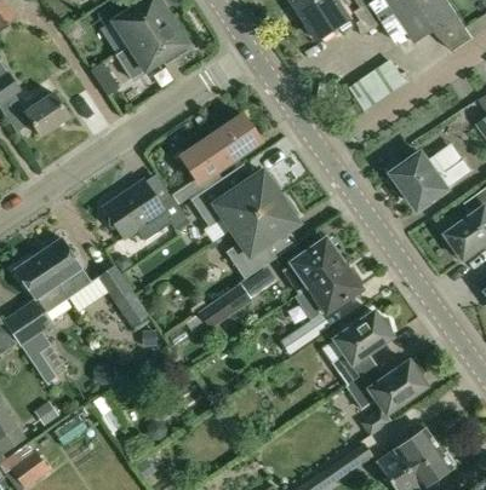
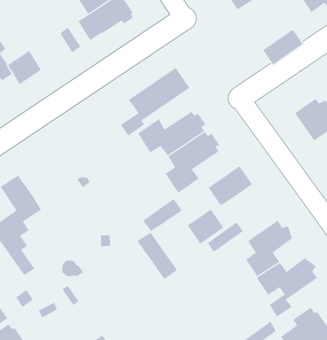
building: [102,179,187,240] -> none
building: [38,236,91,296] -> none
building: [96,264,149,325] -> [137,232,178,280]
building: [309,264,358,310] -> [187,209,224,244]

